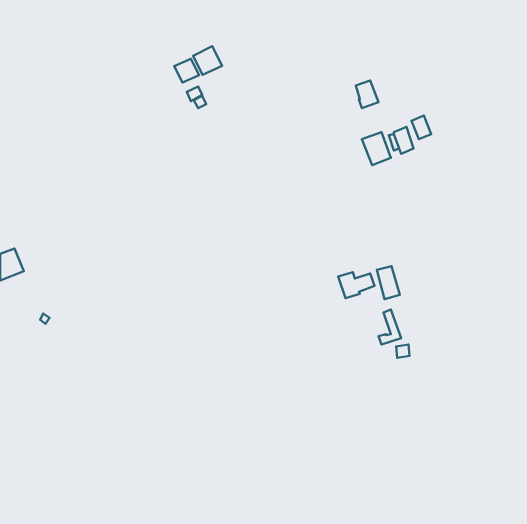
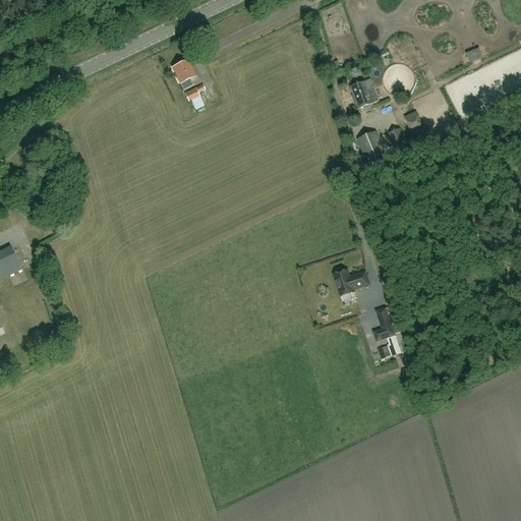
building: [193,46,222,75] -> none
building: [377,266,400,299] -> none

